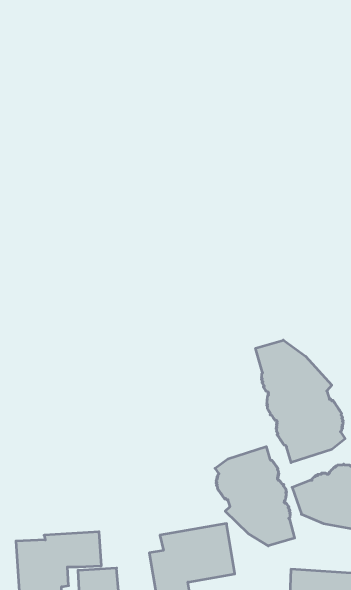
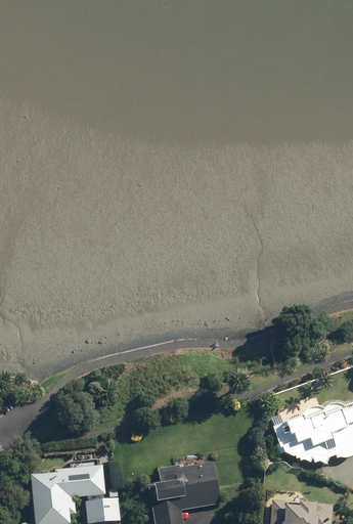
building: [256,340,345,463] -> none
building: [215,447,295,546] -> none

